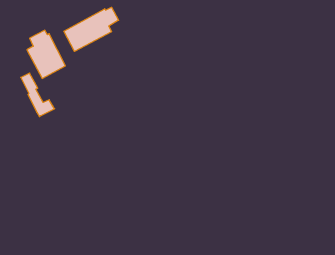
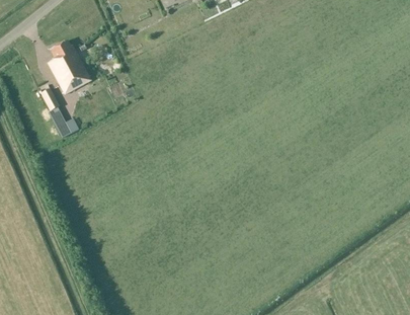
building: [64,7,119,51] -> none

